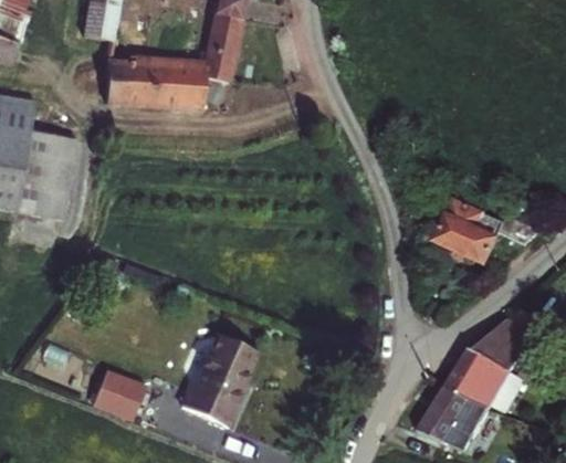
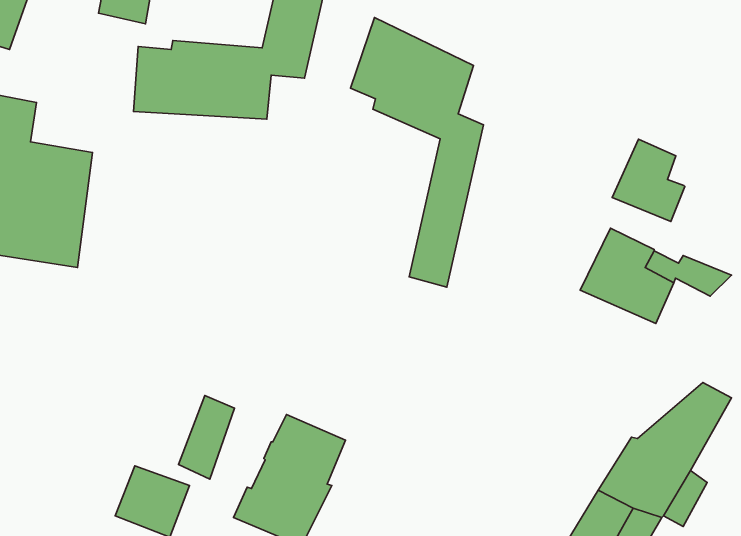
building: none -> [350,17,483,287]
building: none -> [612,139,685,222]
building: none -> [179,395,235,479]

